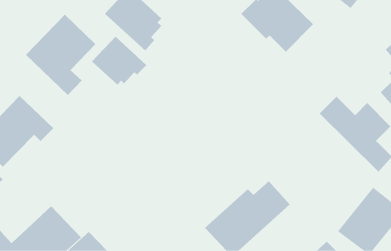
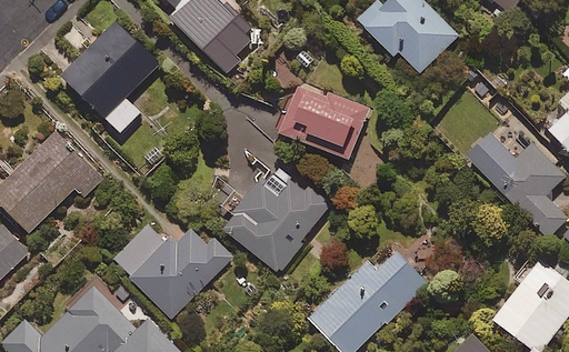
building: [91,36,147,86] -> none
building: none -> [278,81,368,160]
building: none -> [221,177,330,271]
building: none -> [112,222,232,315]

